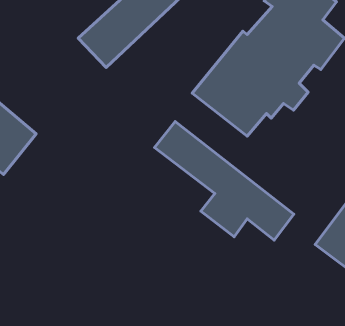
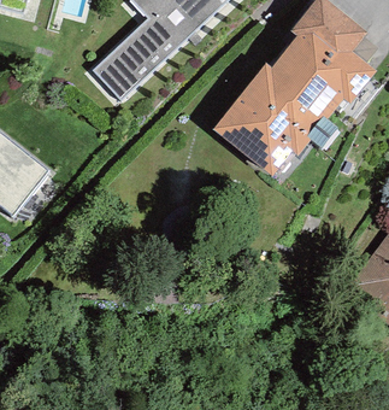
building: [154,122,294,240] -> none

